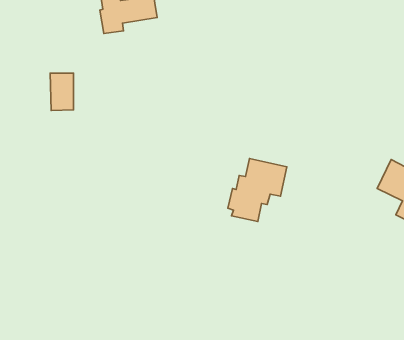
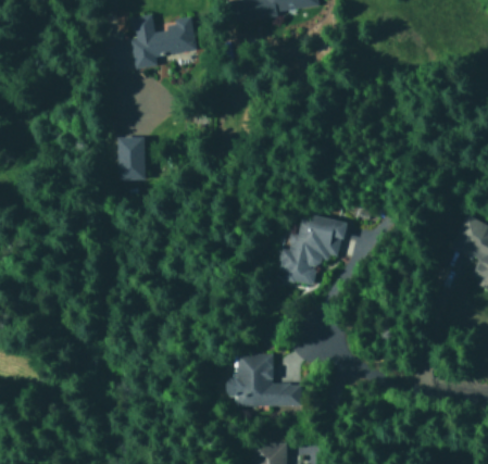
building: [50,73,74,111] -> [118,137,146,180]
building: none -> [228,354,301,407]

